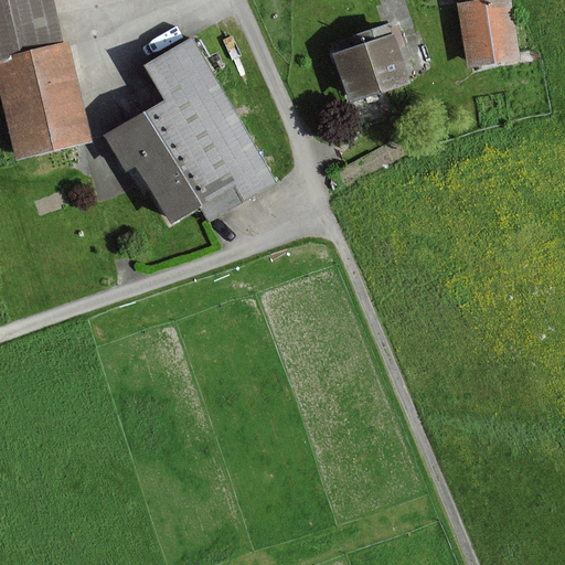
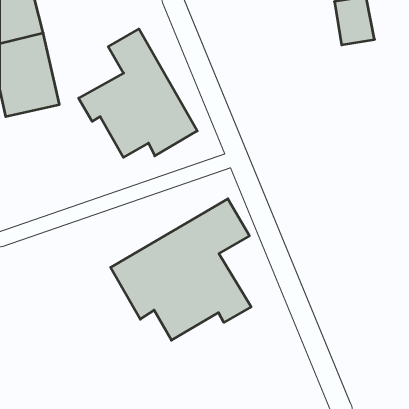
building: [335,23,407,97] -> none
building: none -> [111,199,251,340]

